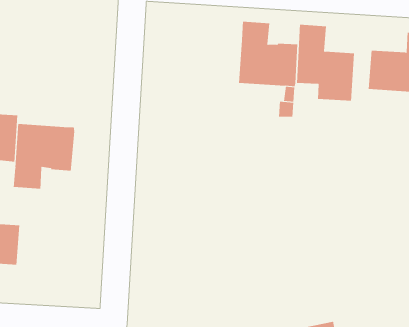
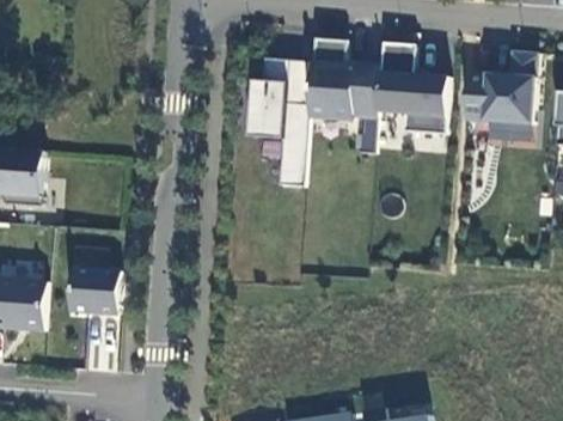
building: none -> [249,60,312,188]
building: [13,123,75,189] -> none
building: none -> [71,269,122,316]

